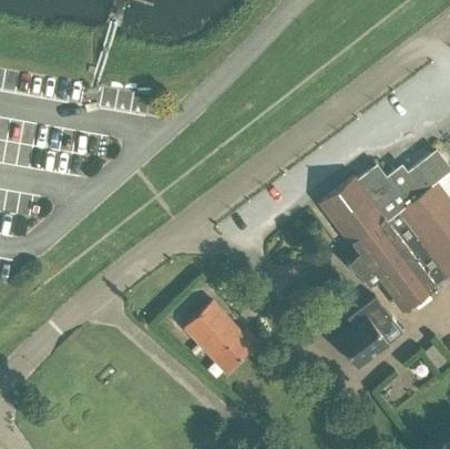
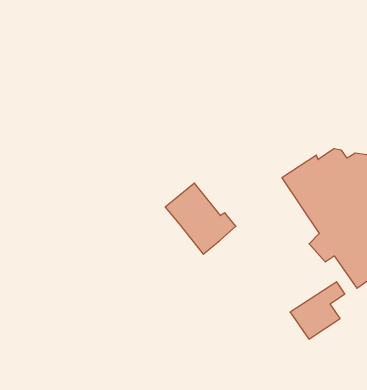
building: [184,300,258,374] -> [165,183,236,254]

